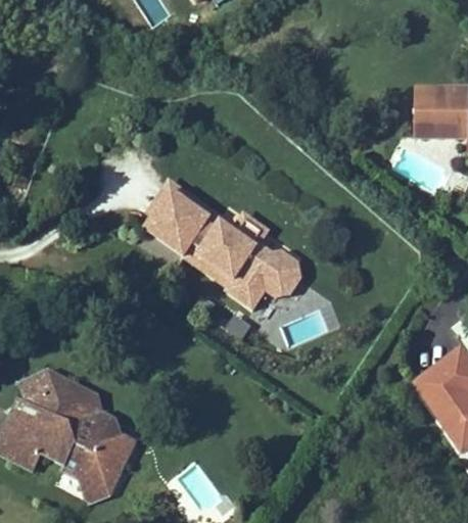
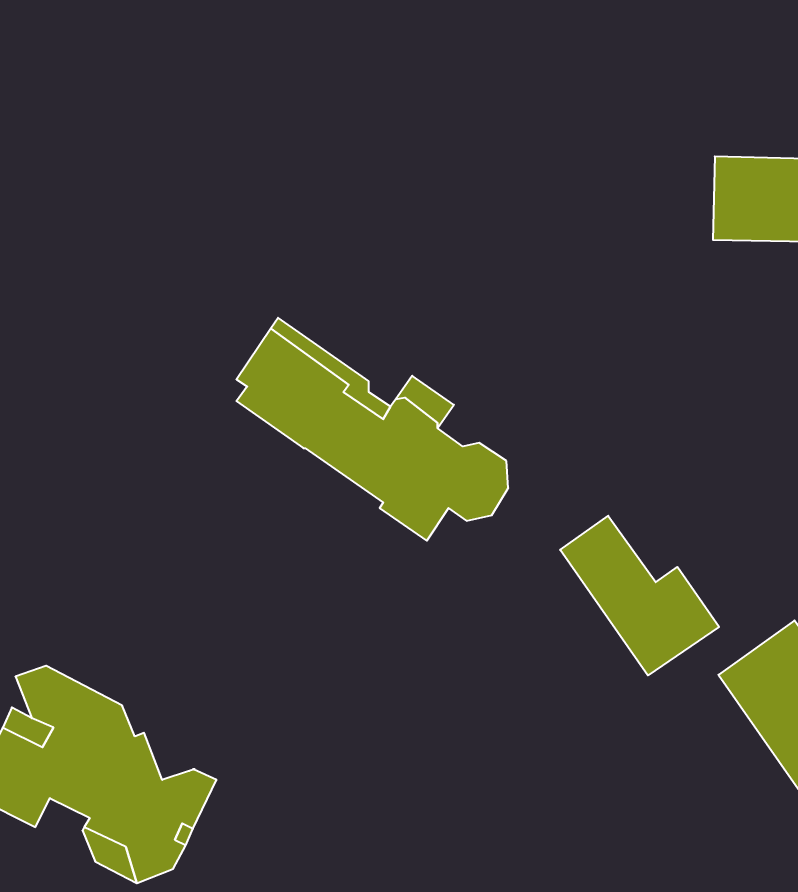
building: none -> [560,516,719,675]
building: [38,372,119,441] -> none

